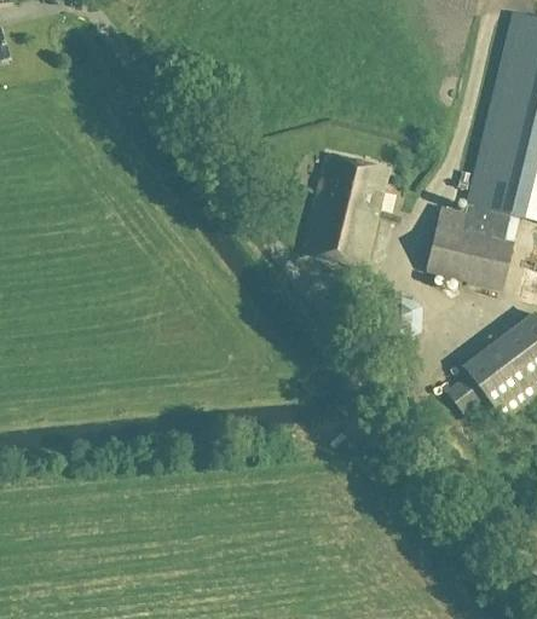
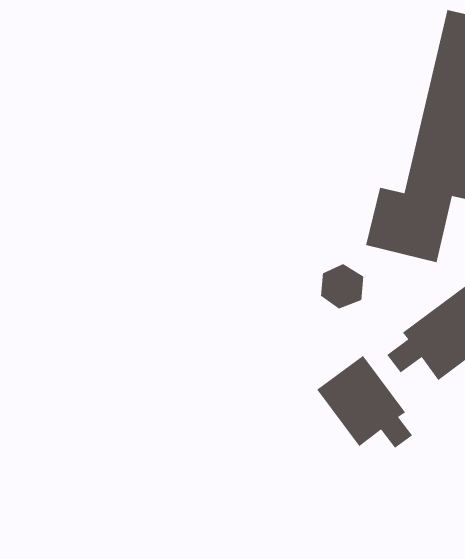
building: [300,150,391,268] -> none
building: none -> [316,355,413,449]

